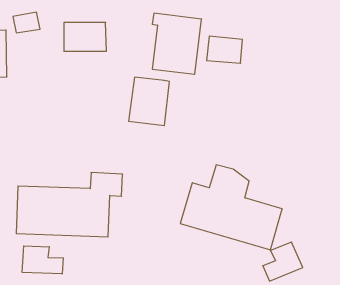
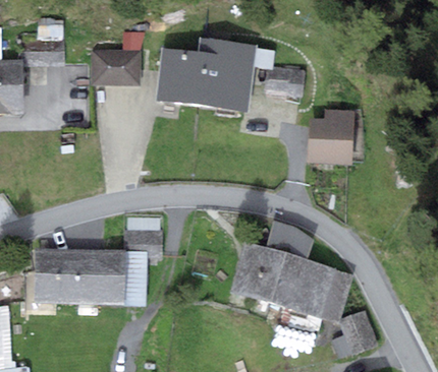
building: none -> [308,109,353,164]
building: [129,77,169,126] -> [154,47,203,105]
building: [22,246,63,274] -> none

